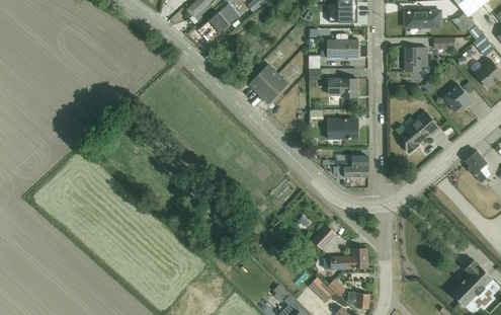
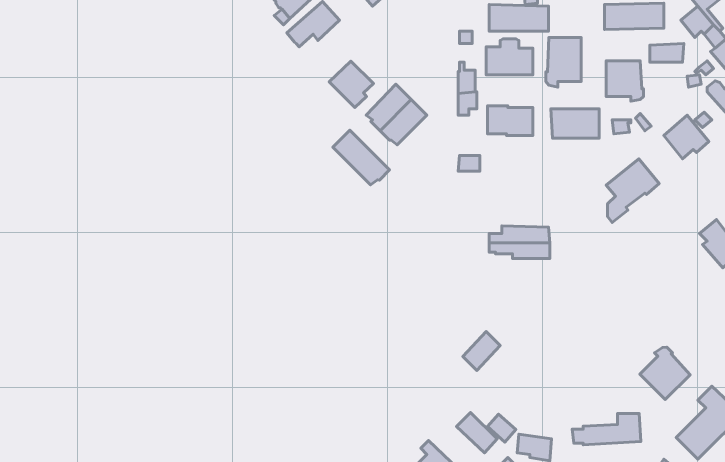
building: none -> [546,38,581,87]
building: none -> [329,61,373,107]
building: none -> [333,130,390,185]
building: [327,119,358,138] -> [551,109,599,138]
building: none -> [640,347,690,400]
building: [323,248,367,268] -> [572,414,641,445]

